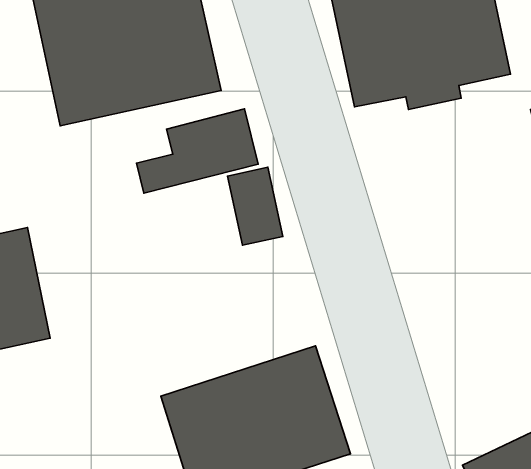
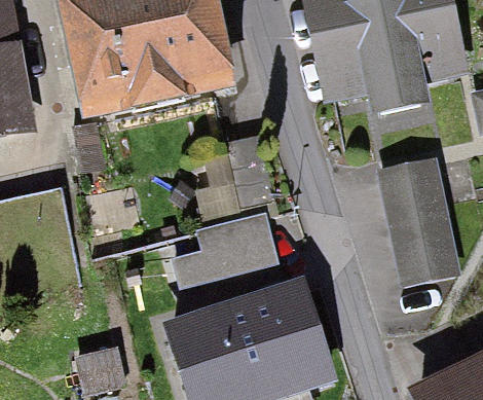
building: [136,109,258,193] -> [175,213,274,282]
building: none -> [382,159,455,281]

